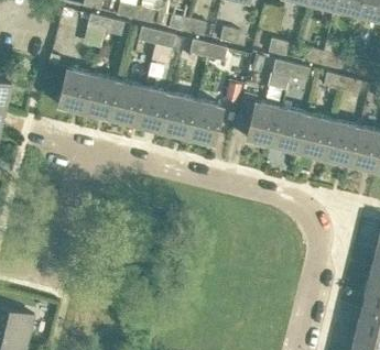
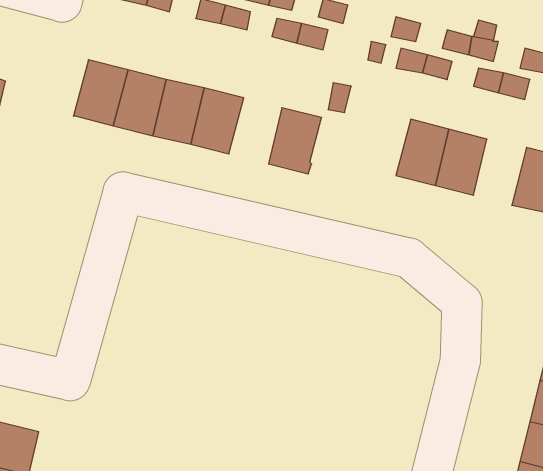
building: [237,91,281,144] -> none
building: [160,92,195,136] -> none
building: [323,120,358,164] -> none

